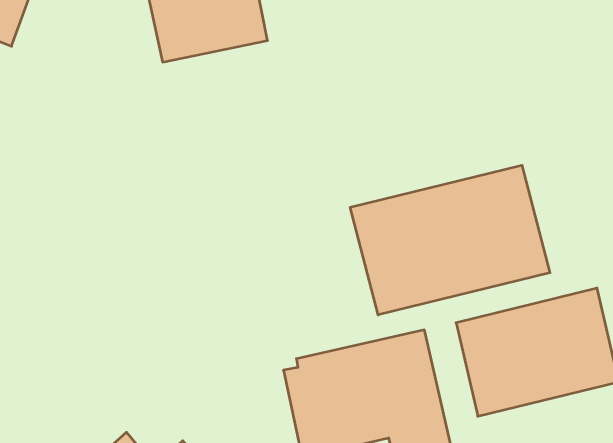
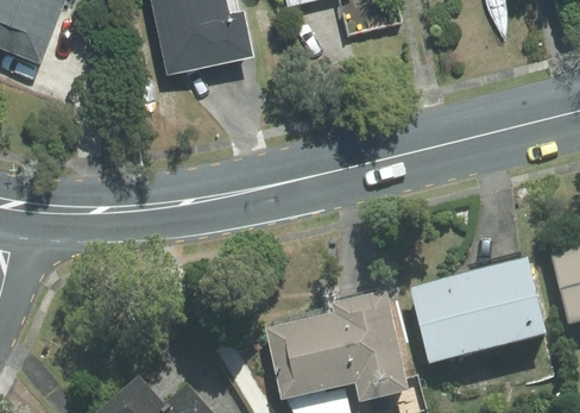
building: [350,165,550,315] -> none

